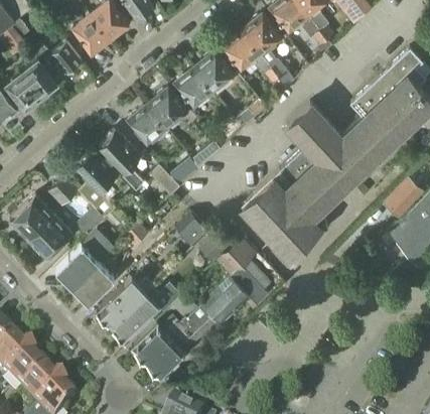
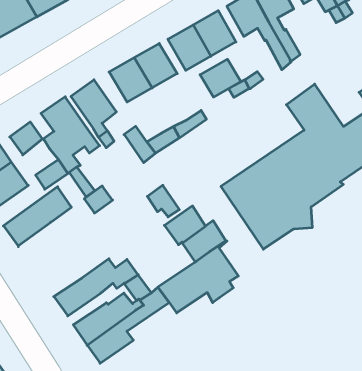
building: none -> [200,59,241,97]
building: [73,260,115,303] -> none
building: [97,277,154,325] -> none

